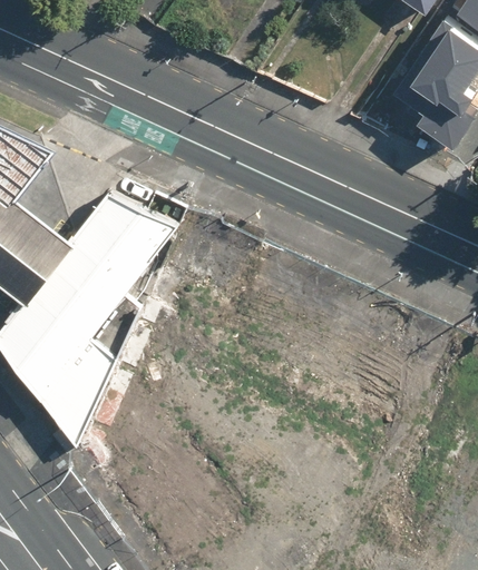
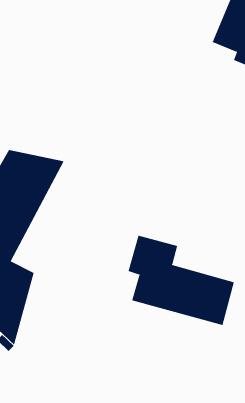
building: none -> [128,235,235,326]

